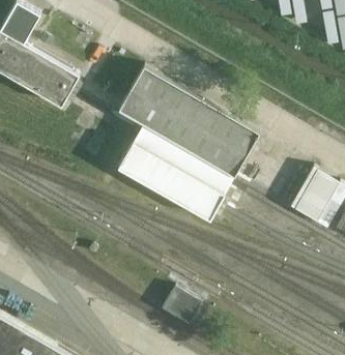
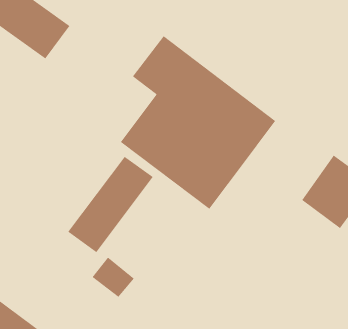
building: none -> [67,156,154,253]
building: [162,288,200,323] -> [92,257,135,298]

